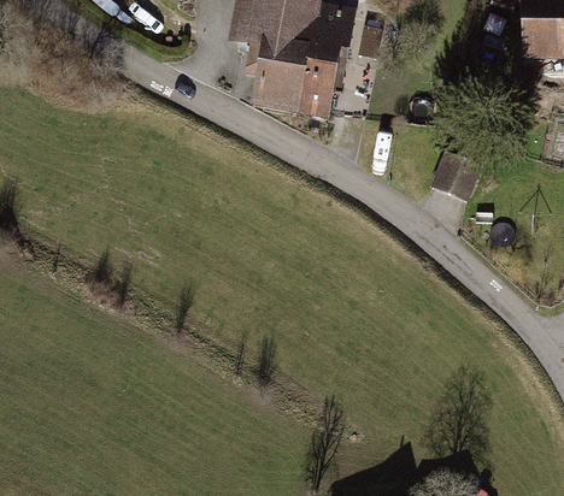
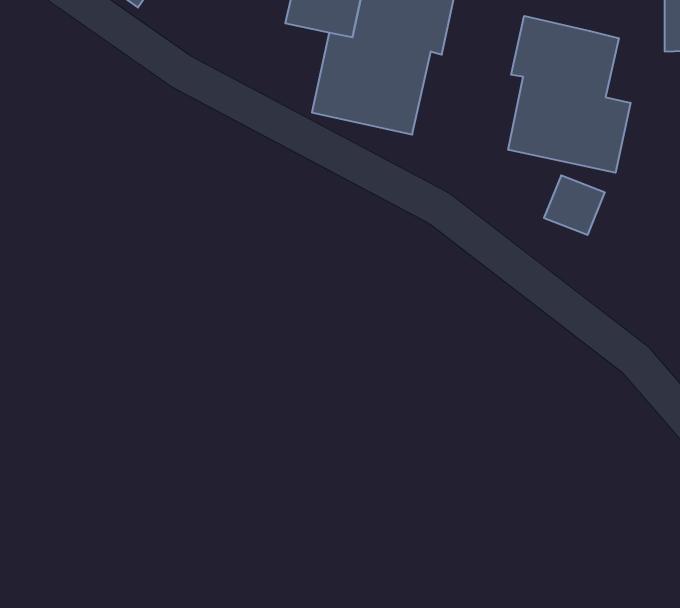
building: none -> [508,16,631,173]

